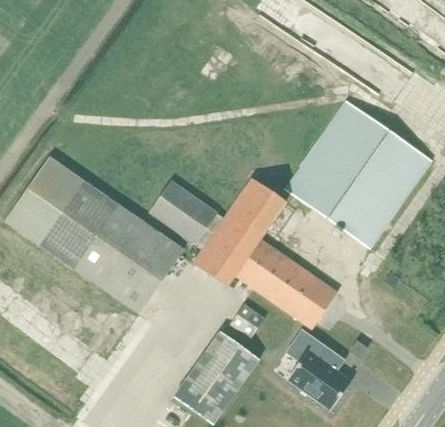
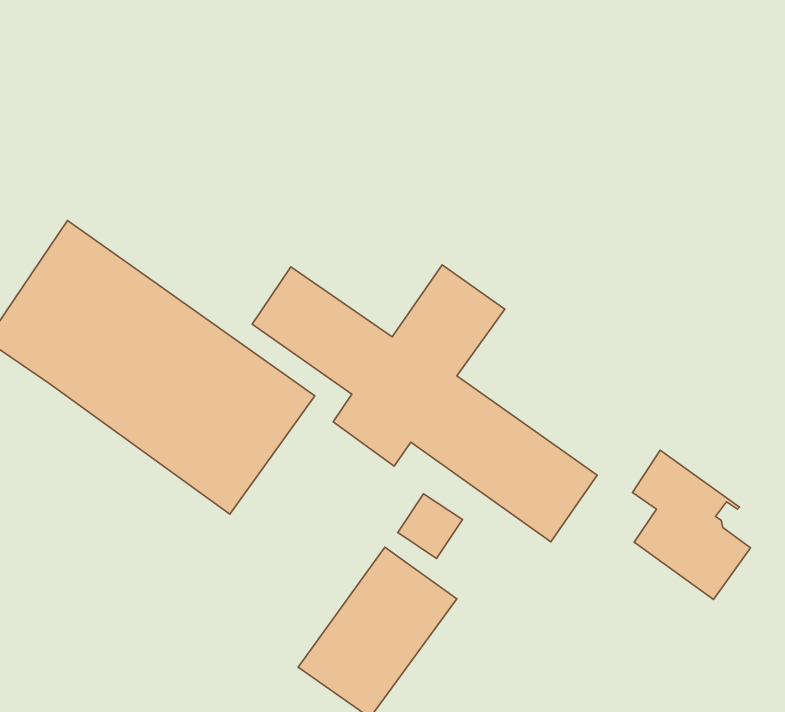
building: [283,100,431,248] -> none
building: [286,329,350,410] -> [632,450,751,600]

